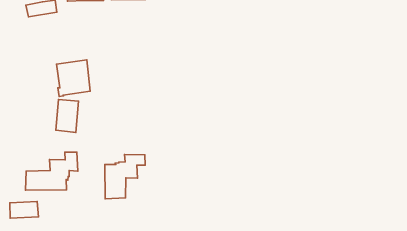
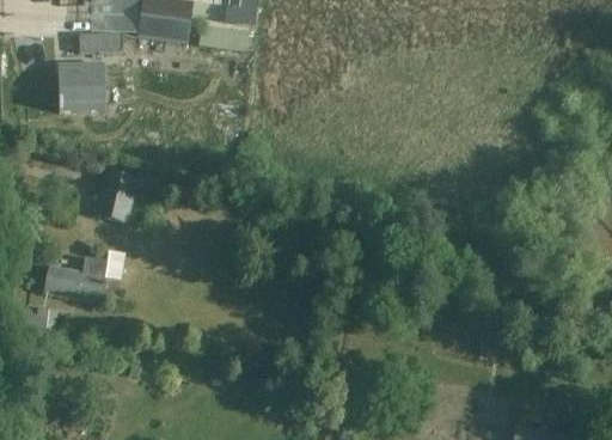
building: [56,60,90,96] -> [57,65,103,110]
building: [105,155,145,199] -> none

